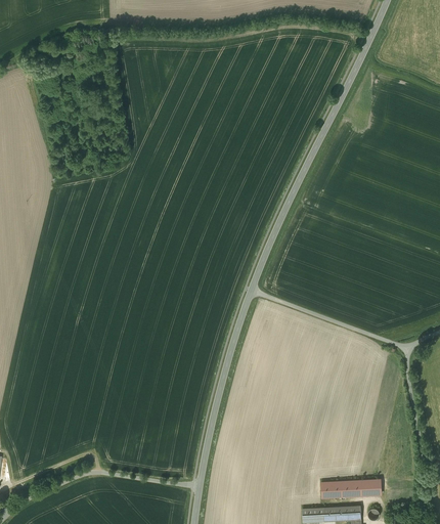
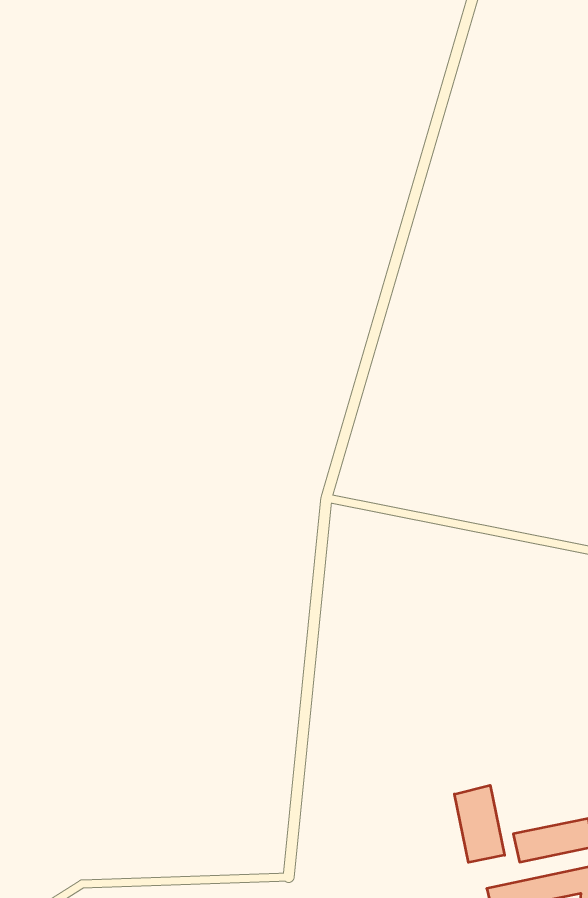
building: none -> [454,785,505,862]

